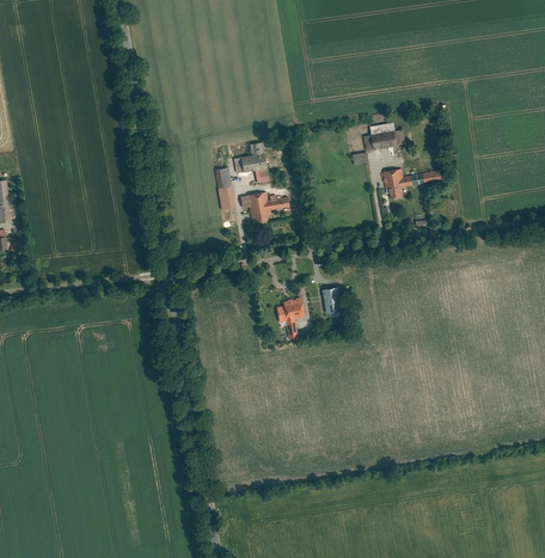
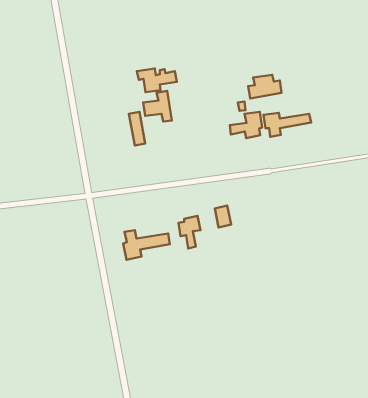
building: none -> [230,112,262,138]
building: [241,194,292,223] -> [137,68,177,92]
building: none -> [123,230,170,260]

